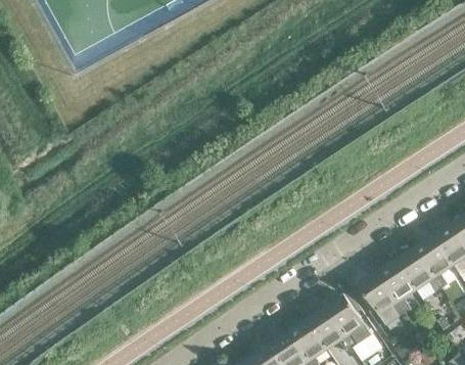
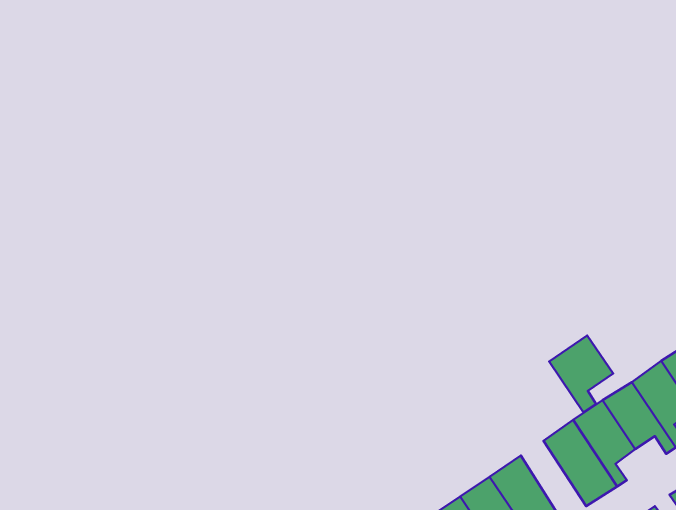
building: none -> [549,336,613,413]

